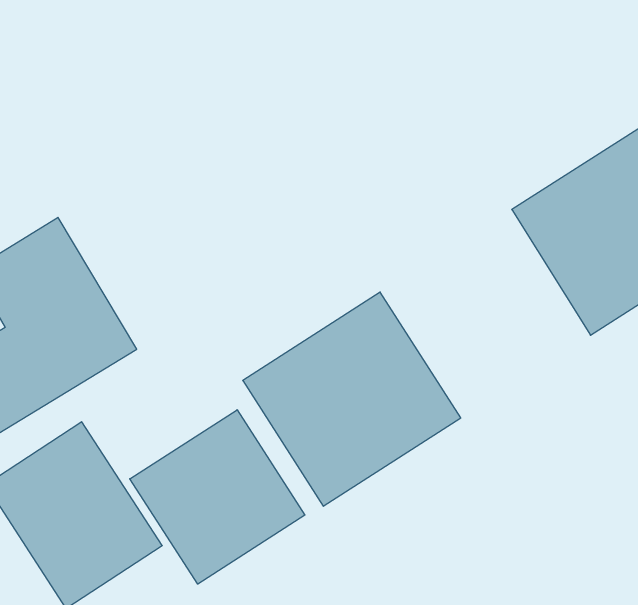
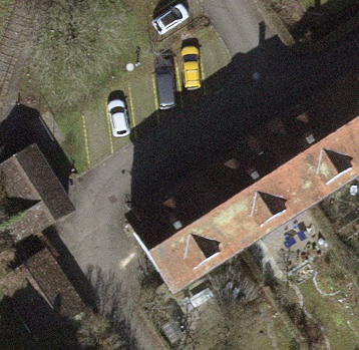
building: none -> [201,141,308,248]
building: [130,410,305,584] -> none

